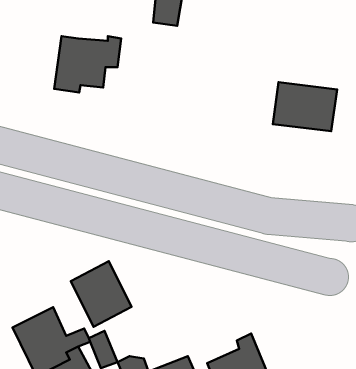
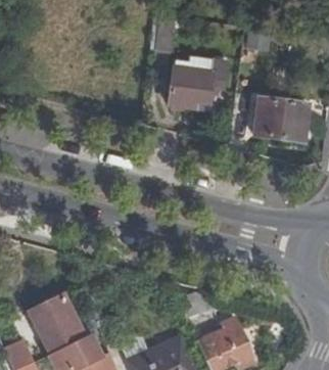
building: [54,36,121,92] -> [169,59,226,107]
building: [71,261,132,327] -> none

